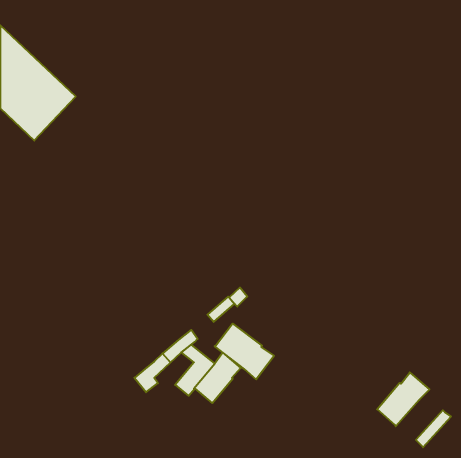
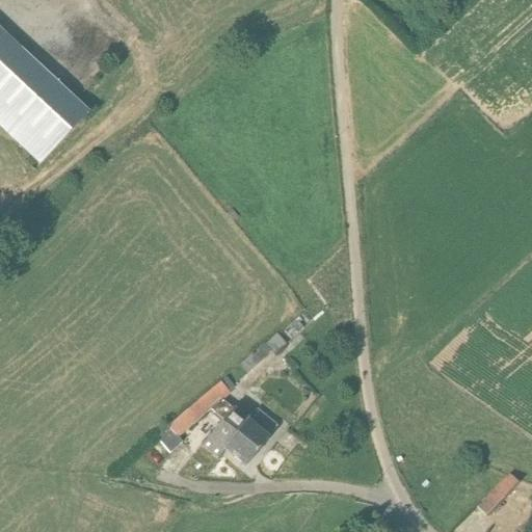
building: [215,324,274,379] -> none
building: [377,372,429,426] -> none

